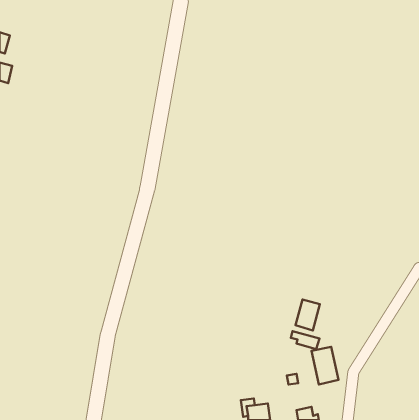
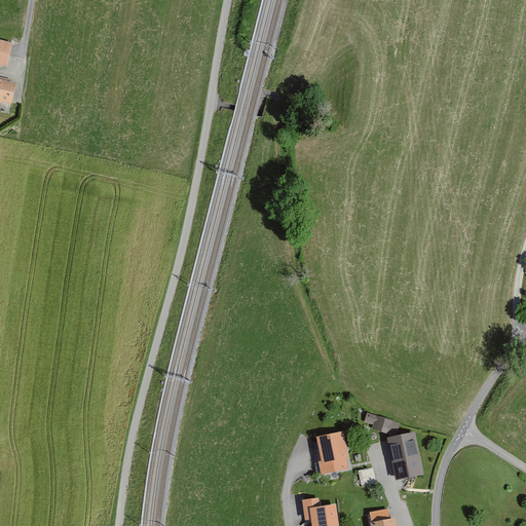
building: [295,299,320,330] -> none
building: none -> [316,430,347,475]

